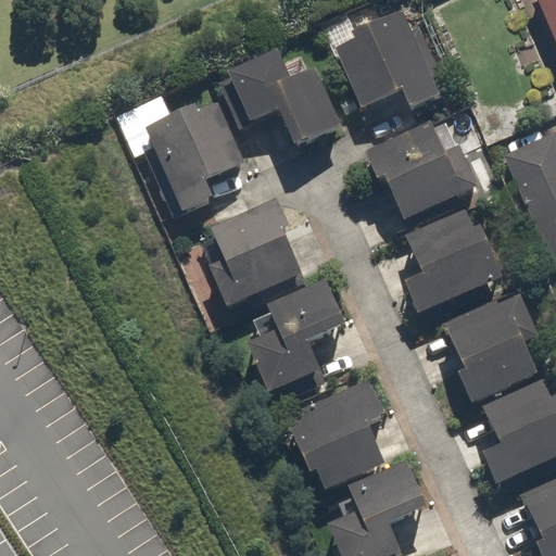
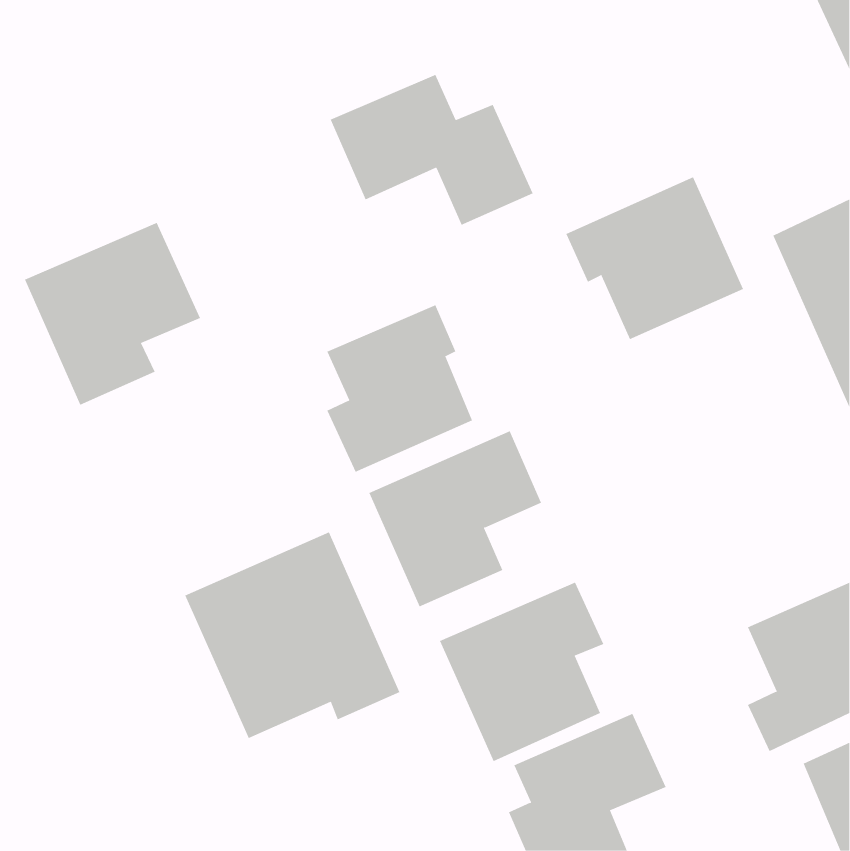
building: [332,7,443,112] -> none
building: [132,100,247,218] -> [24,222,201,406]
building: [401,205,509,327] -> none
building: [439,293,542,403] -> none
building: none -> [184,532,400,739]

